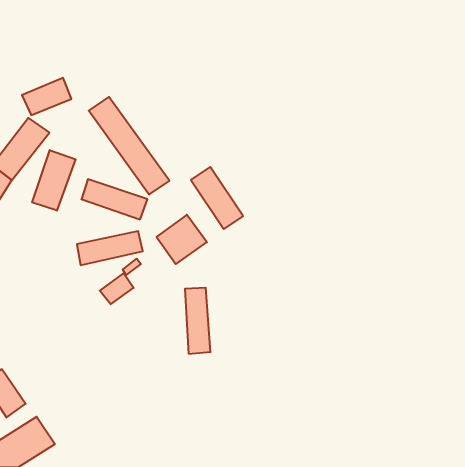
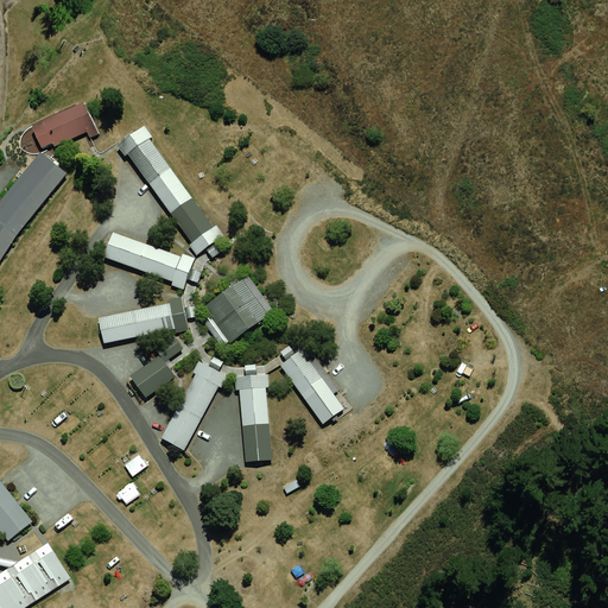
building: [32,150,76,211] -> none
building: [191,167,243,229] -> [279,344,347,425]
building: none -> [163,361,224,446]

